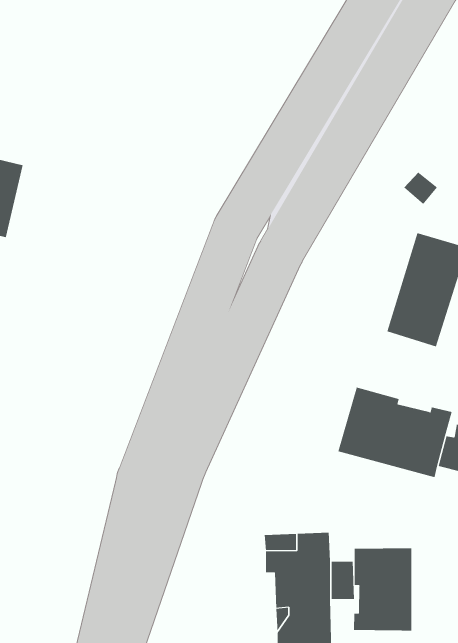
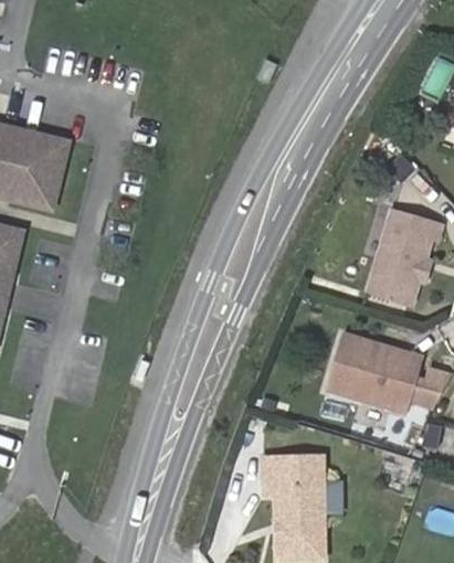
building: [353,547,412,632] -> none

